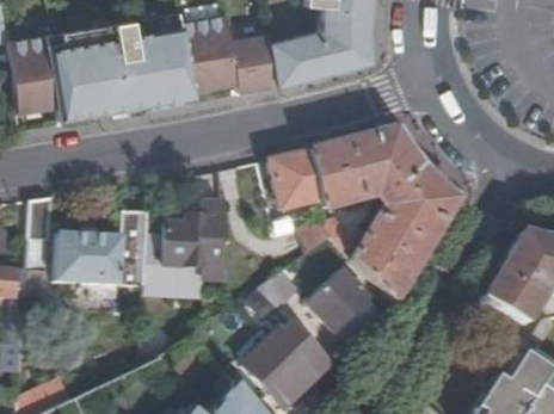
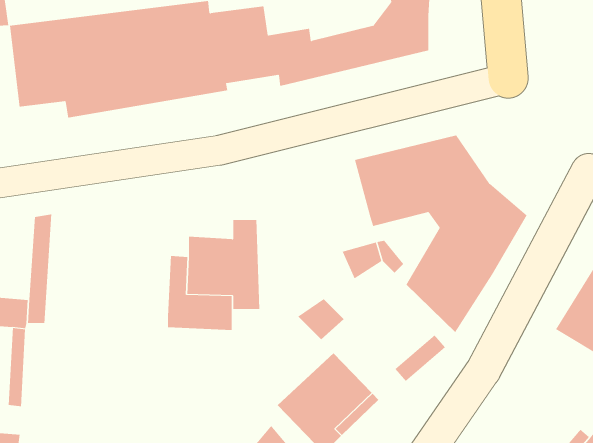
building: [259,153,320,211] -> none
building: [54,211,149,288] -> none
building: [306,270,369,333] -> none

